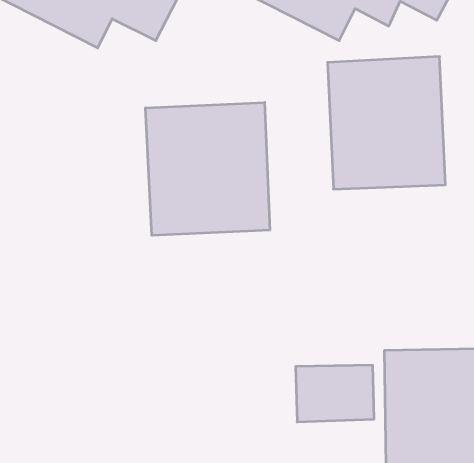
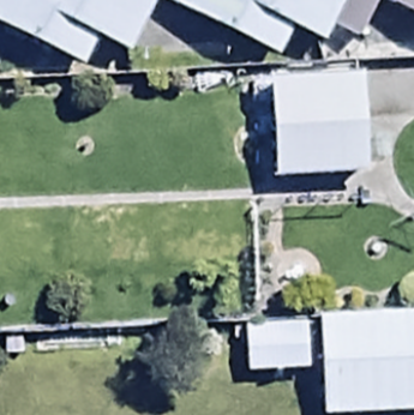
building: [145,102,270,235] -> none

